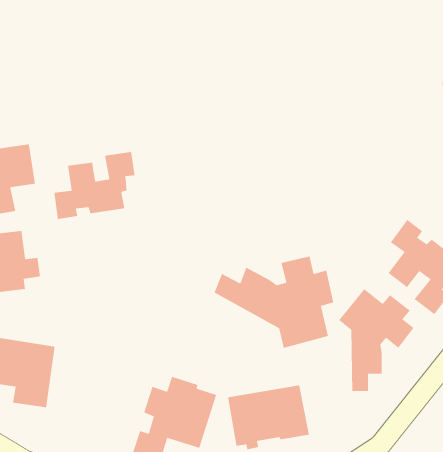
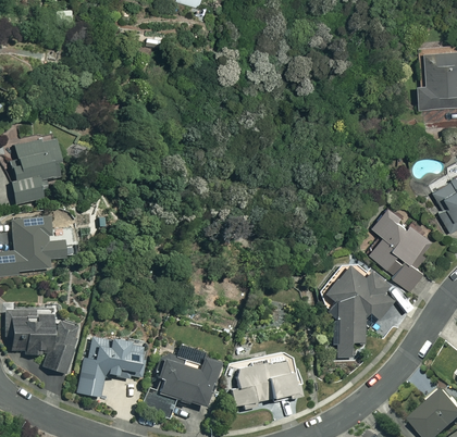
building: [54,151,135,220] -> none
building: [214,255,334,349] -> none
building: none -> [78,337,144,397]

